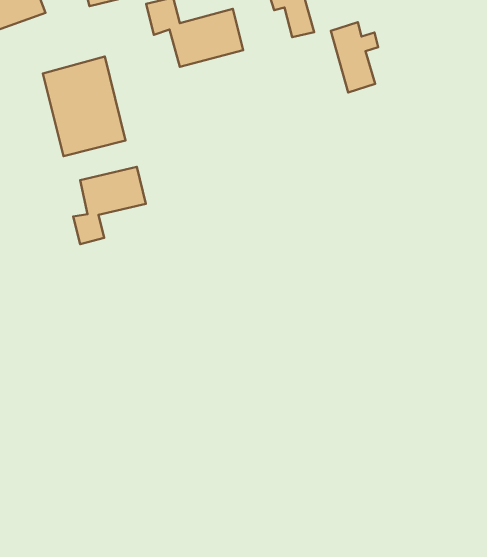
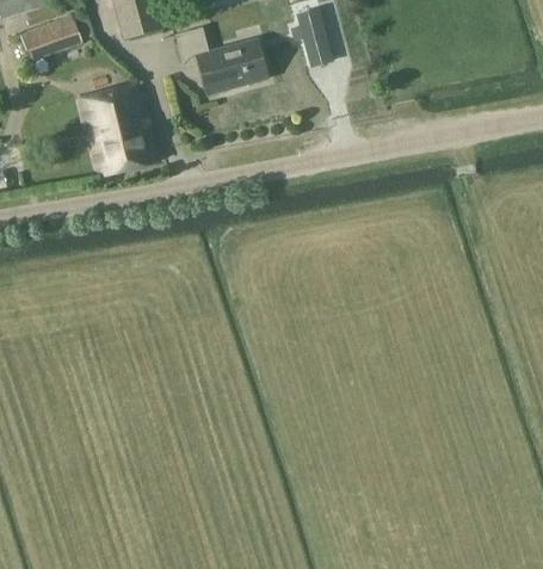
building: [331,22,378,92] -> none
building: [73,167,146,244] -> none

